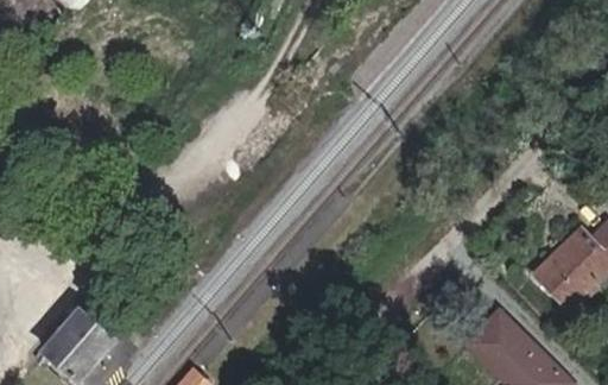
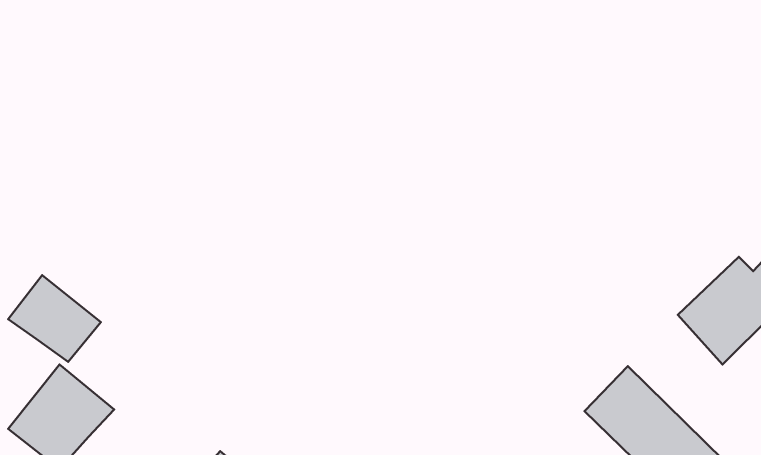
building: none -> [8,275,101,362]

